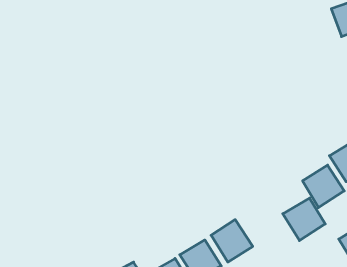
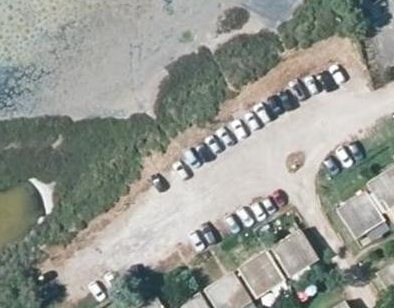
building: [283,198,325,241] -> [273,230,319,276]

